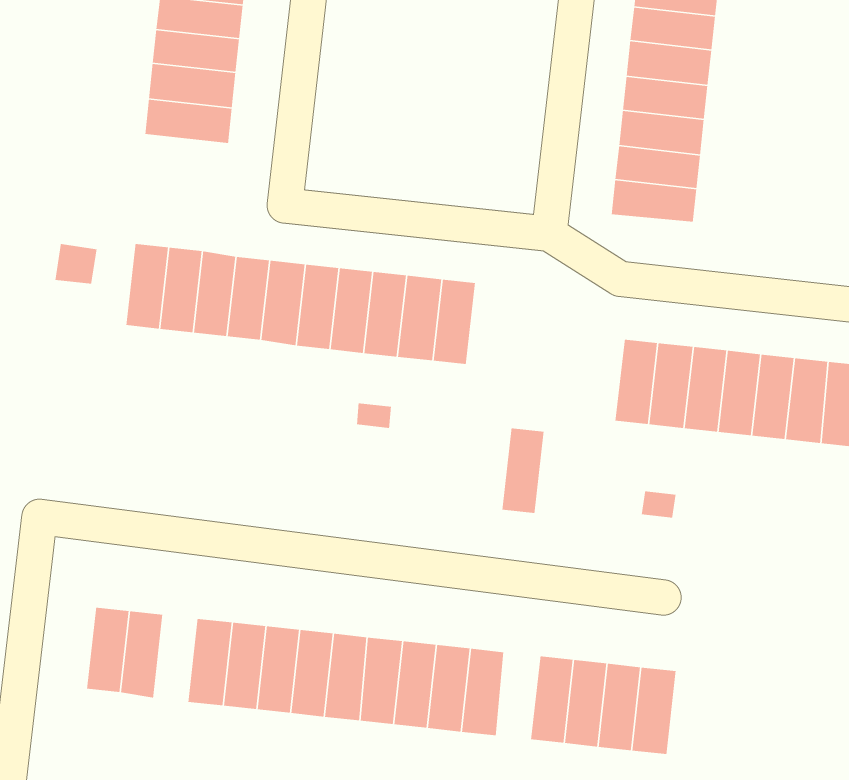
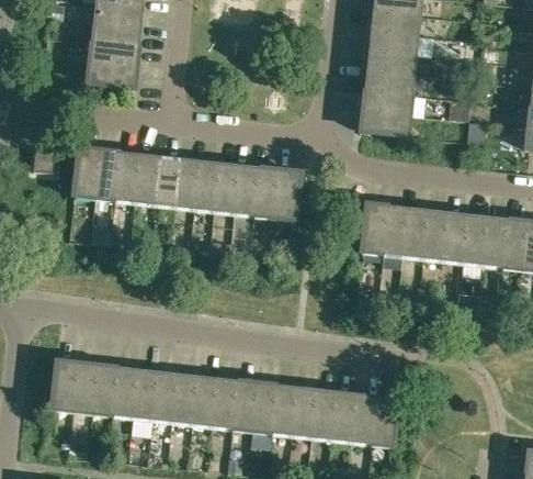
building: [502,428,545,514] -> [274,169,299,220]
building: none -> [91,364,116,415]
building: none -> [292,386,317,437]

